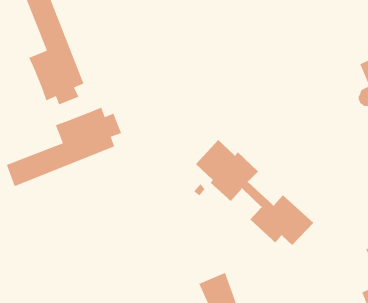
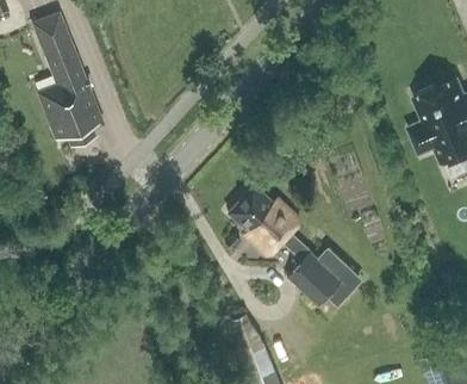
building: [6,106,122,187] -> none

